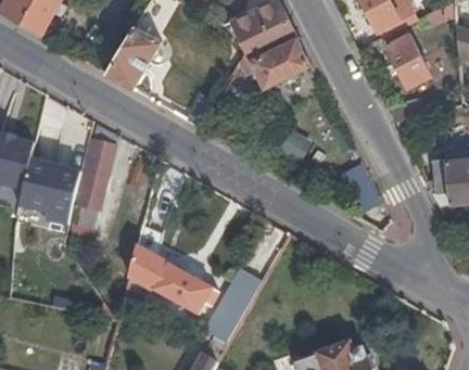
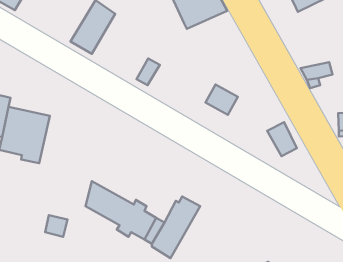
building: [386,36,431,89] -> none
building: [230,38,312,88] -> none
building: [69,142,112,229] -> none

